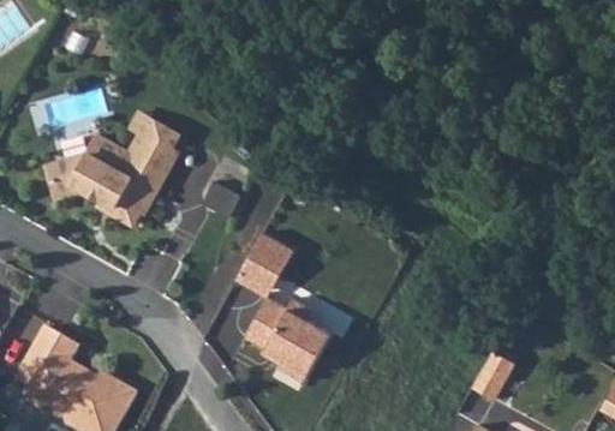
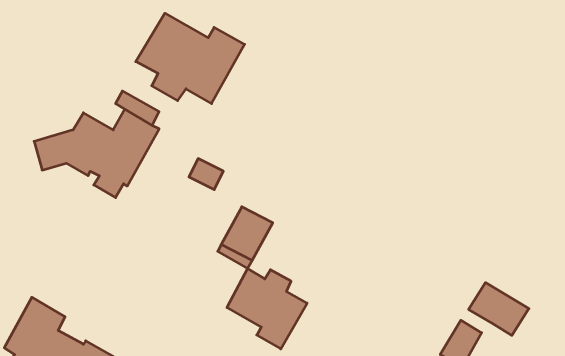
building: none -> [136,13,245,104]
building: none -> [469,283,529,335]

